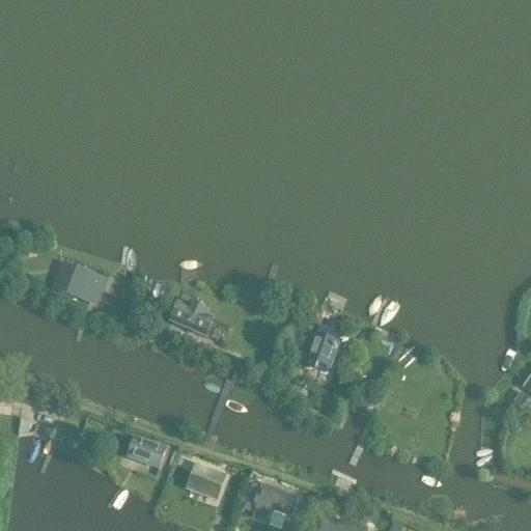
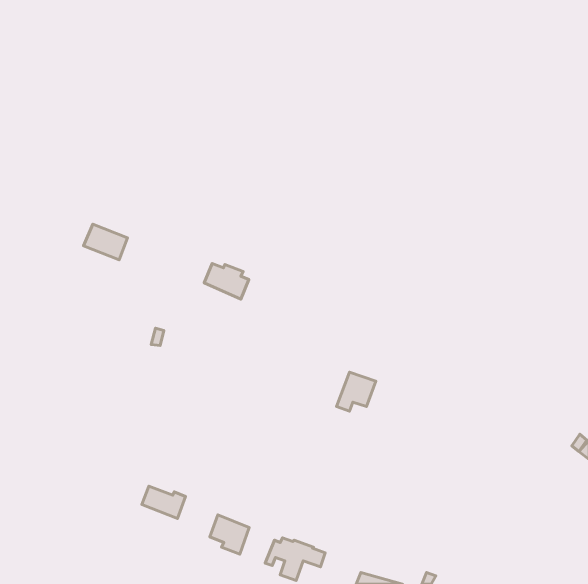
building: [60,268,100,300] -> [84,224,127,260]
building: [172,304,213,336] -> [204,263,249,299]

